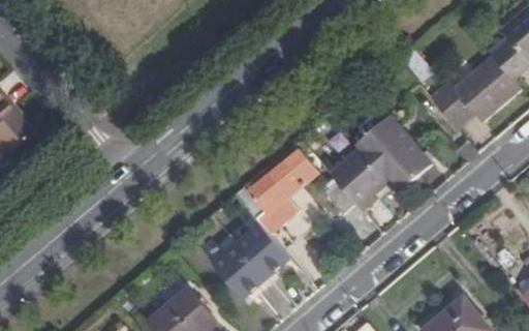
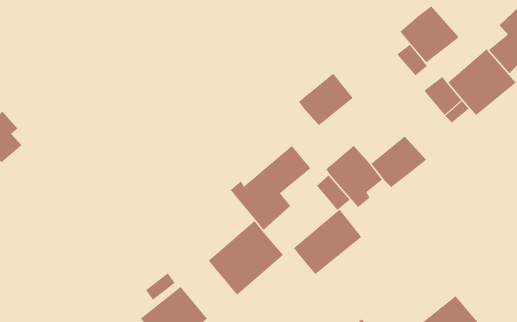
building: none -> [399,6,459,63]
building: [355,115,410,168] -> [298,73,353,126]
building: none -> [293,209,362,275]

